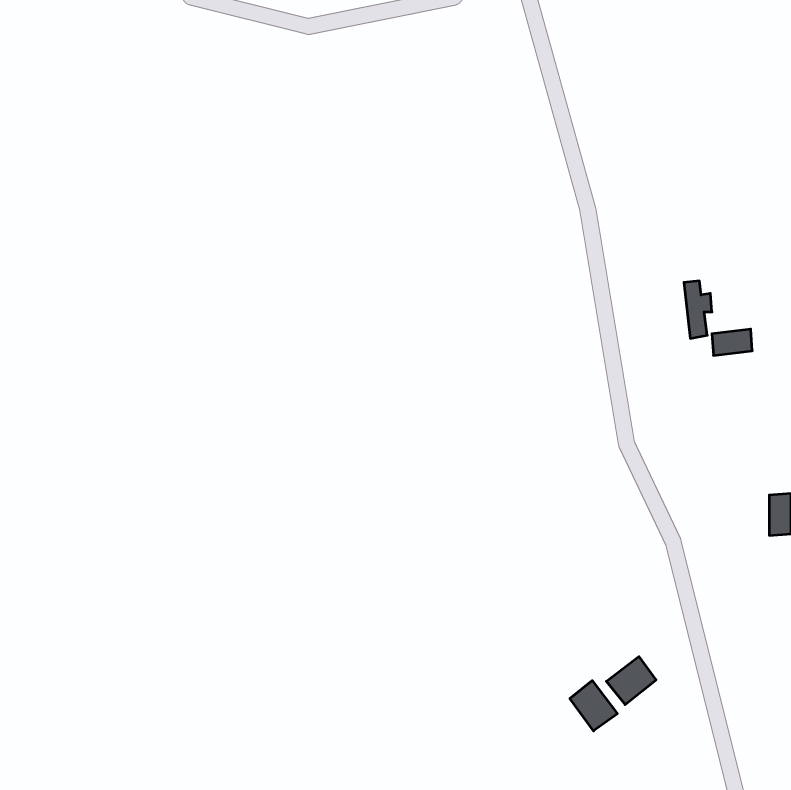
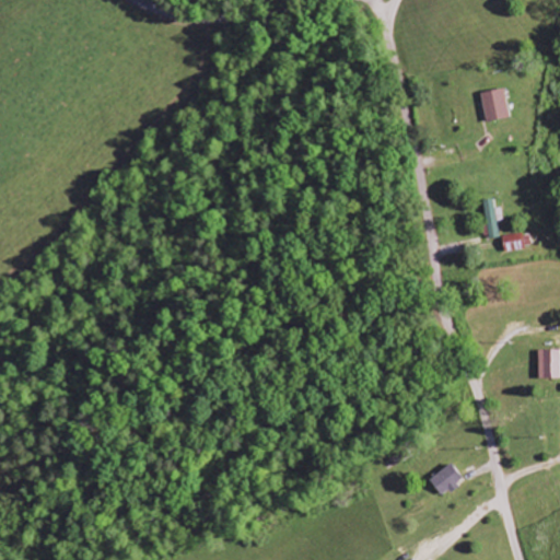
building: none -> [481,89,510,120]
building: [570,681,617,731] -> none

